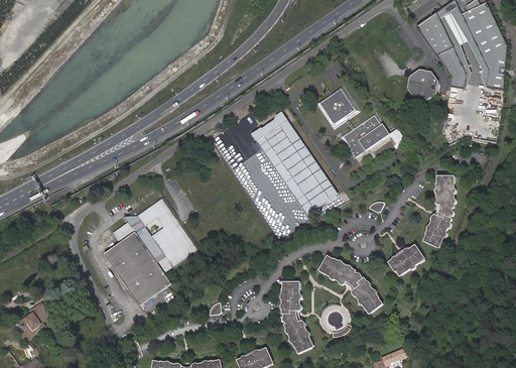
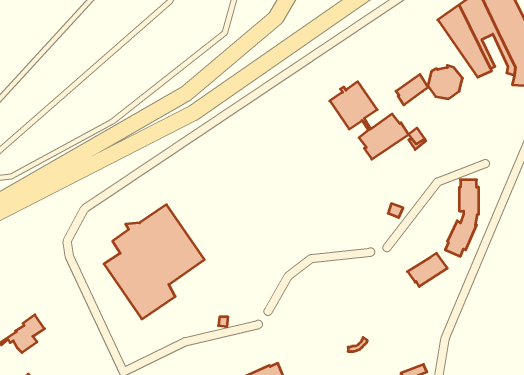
building: none -> [396,74,428,105]
building: [251,111,337,214] -> none
building: [318,255,382,313] -> none
building: [281,281,311,353] -> none

